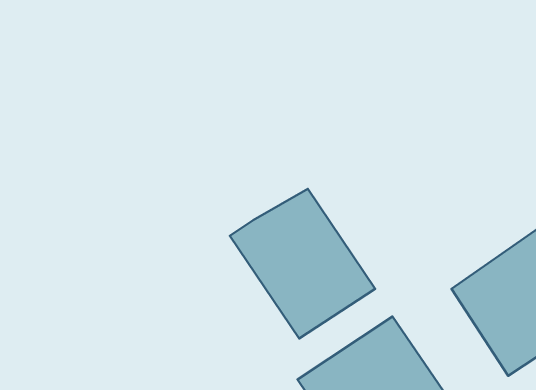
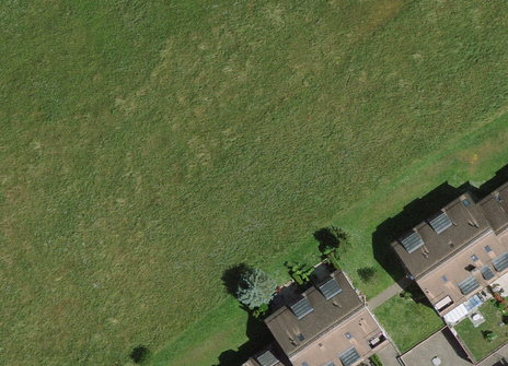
building: [230,189,375,339] -> none

